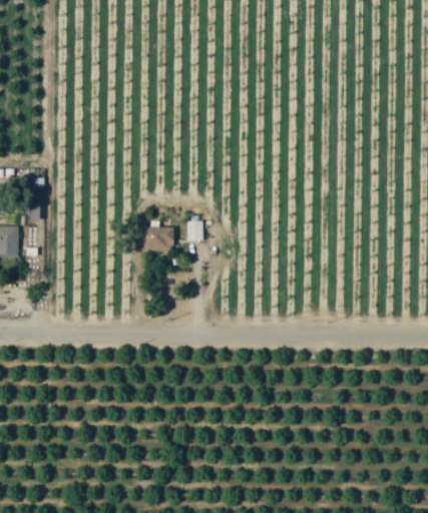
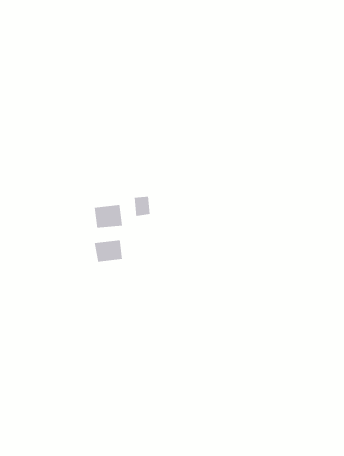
building: none -> [94,240,122,262]

